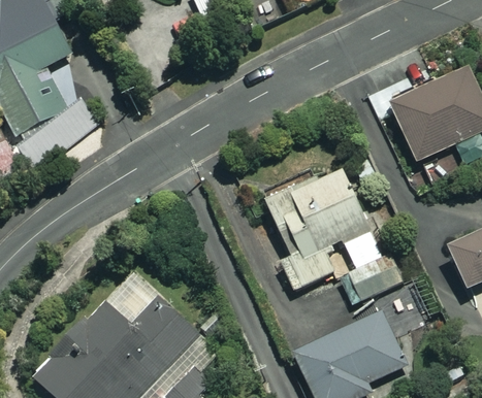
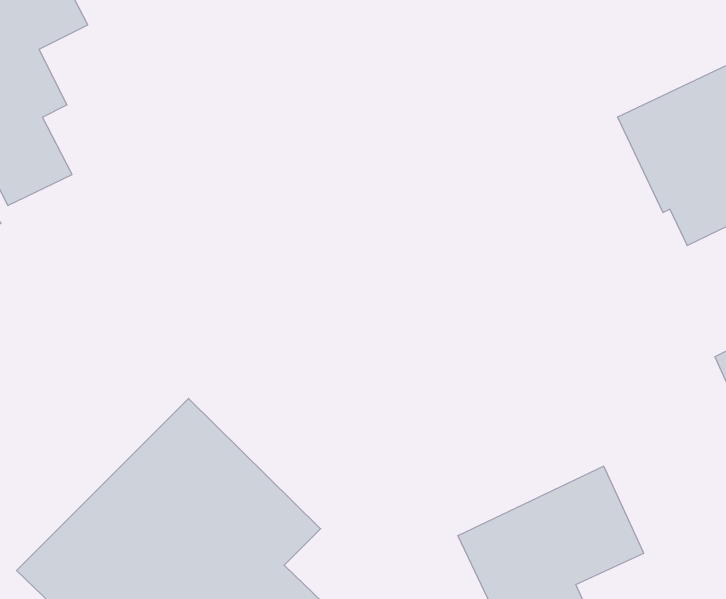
building: [266,166,412,307] -> none

